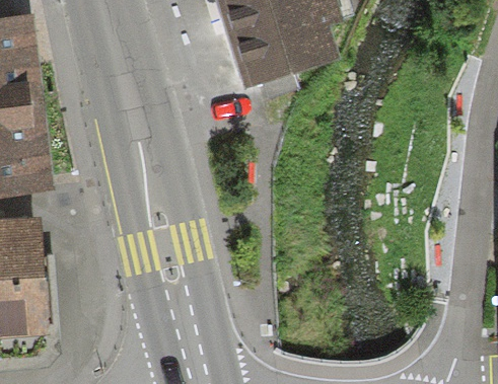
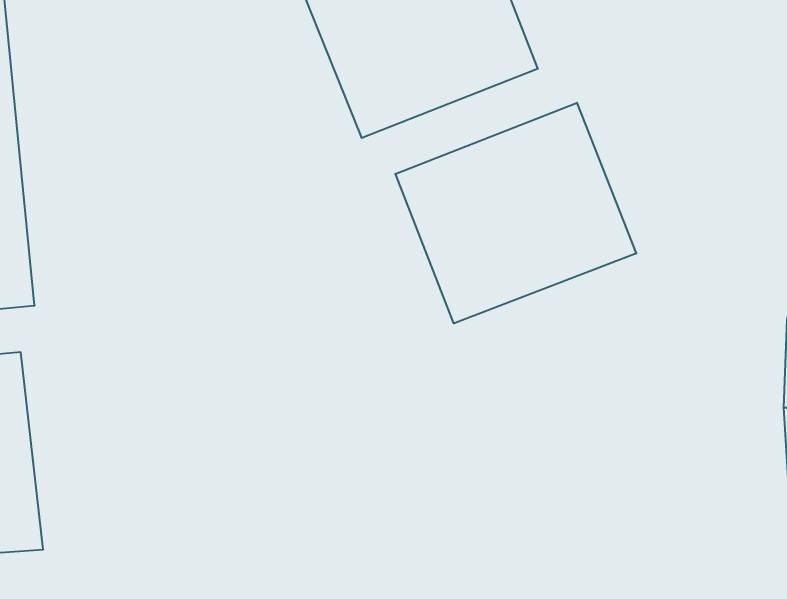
building: none -> [395,103,636,323]

